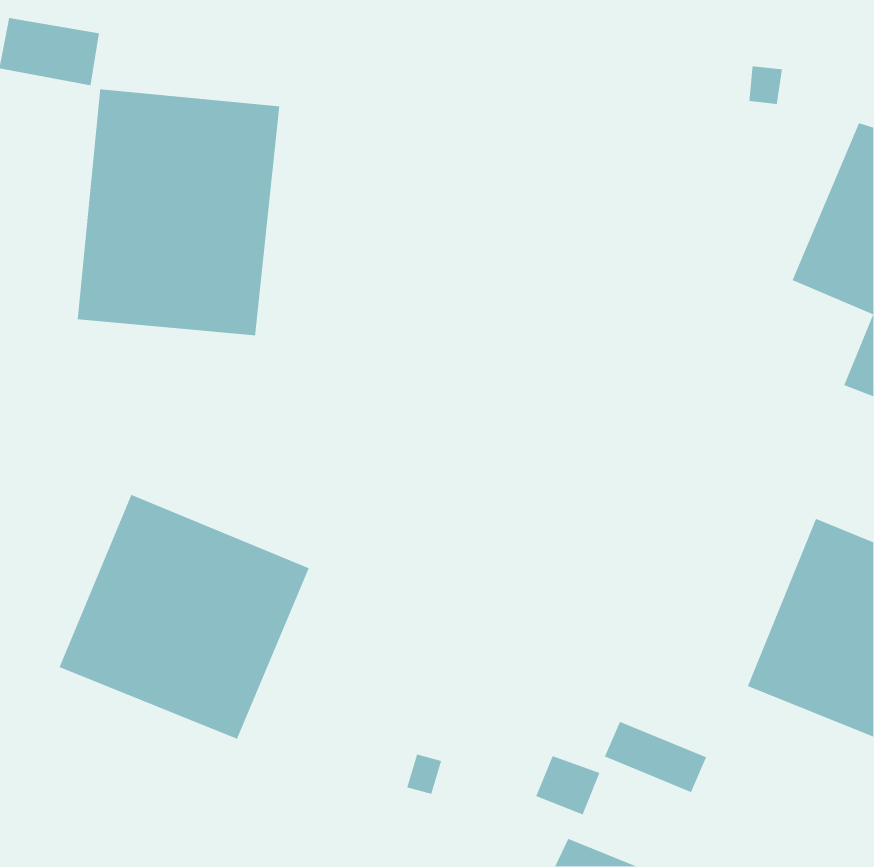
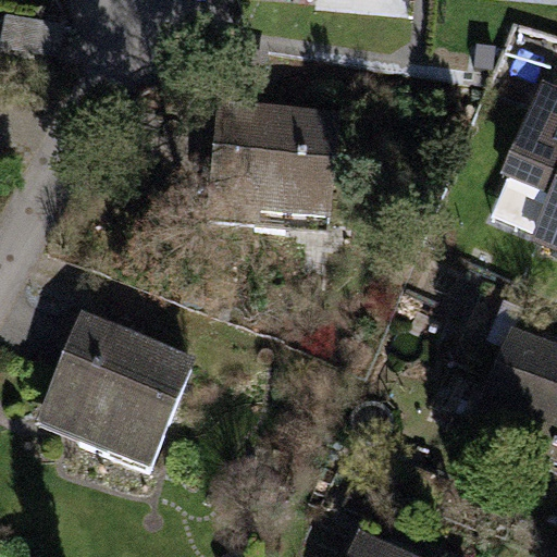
building: [77,89,280,336] -> none
building: none -> [210,102,344,222]

